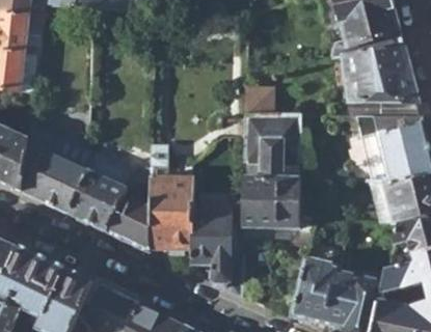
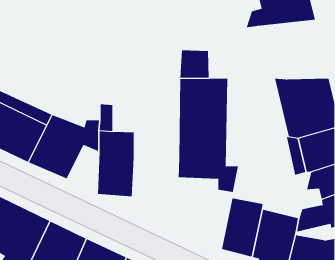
building: [339,46,422,115] -> none
building: [114,193,152,250] -> none
building: [191,208,245,295] -> none

